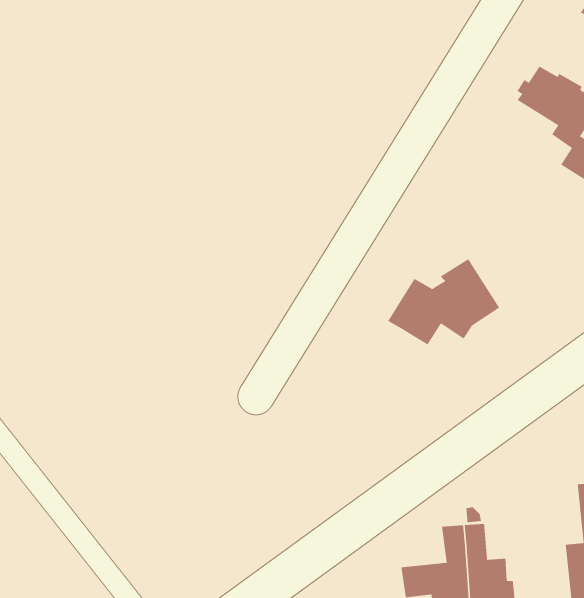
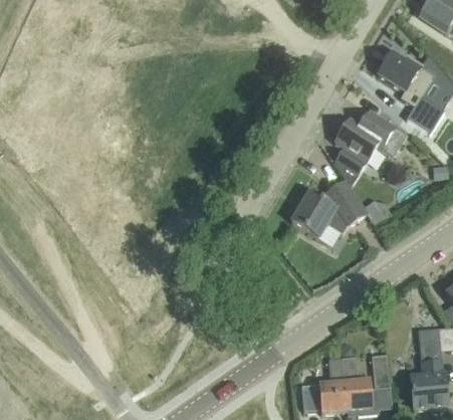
building: none -> [334,117,407,186]
building: none -> [372,353,391,388]

